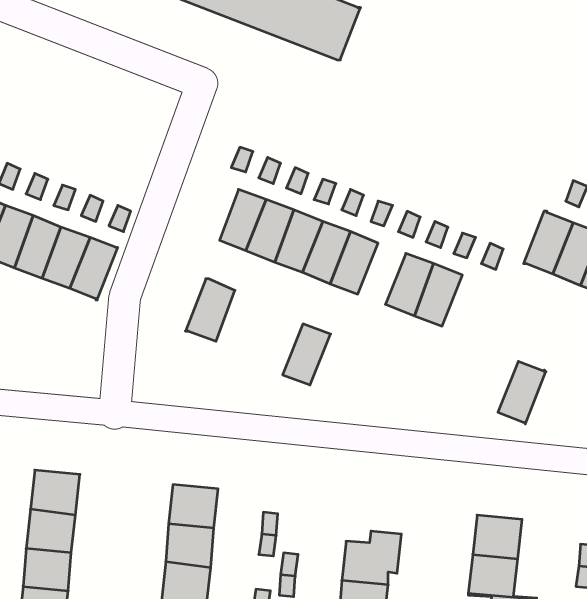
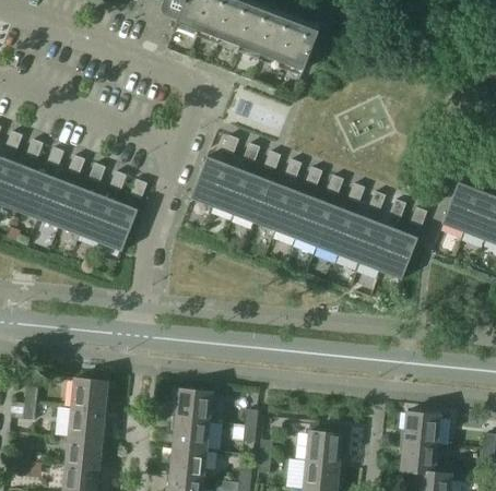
building: [185,279,235,341] -> [190,158,227,205]
building: [283,324,331,385] -> [317,207,353,253]
building: [498,361,546,424] -> [380,231,416,278]

